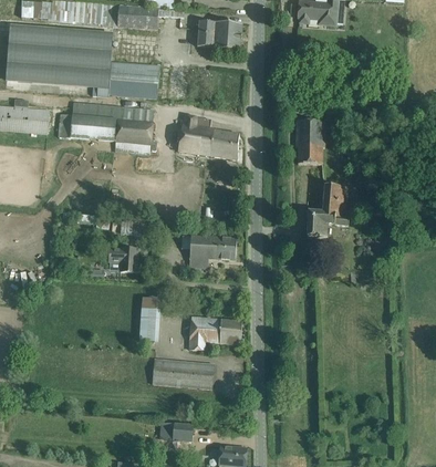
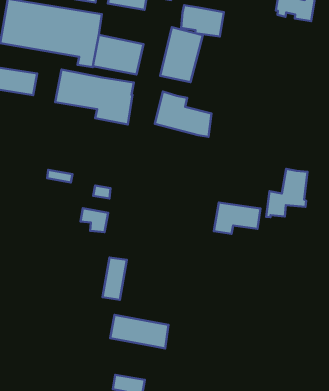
building: none -> [160,27,203,82]
building: [294,120,324,164] -> none
building: [188,235,236,267] -> [214,203,261,234]
building: [188,315,241,349] -> none

